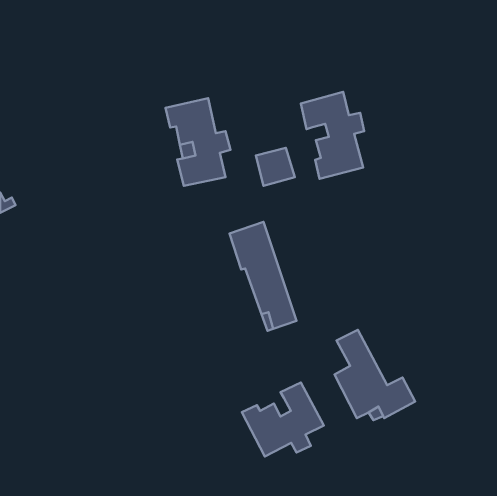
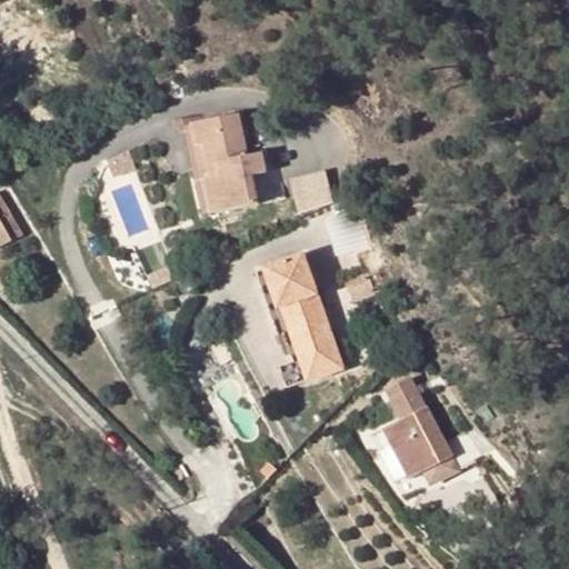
building: [301,92,364,179] -> none
building: [242,382,324,457] -> none

